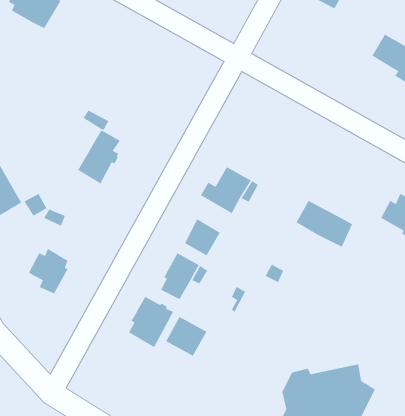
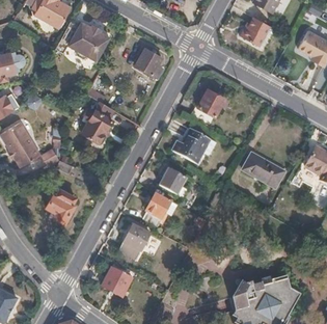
building: none -> [236,16,266,45]
building: none -> [53,20,108,59]
building: none -> [134,47,161,76]
building: none -> [192,87,223,124]
building: [165,316,207,357] -> [101,267,132,297]

